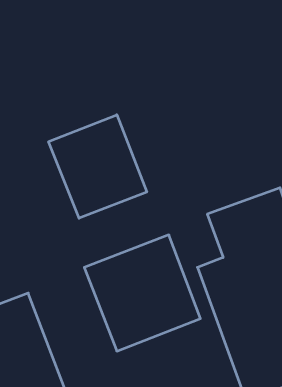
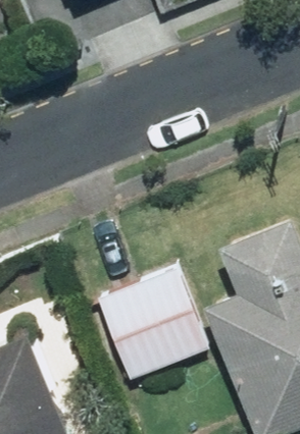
building: [49,115,147,218] -> none

